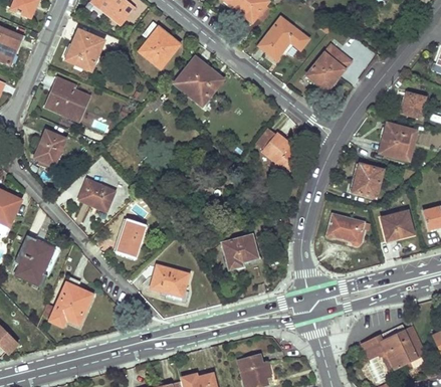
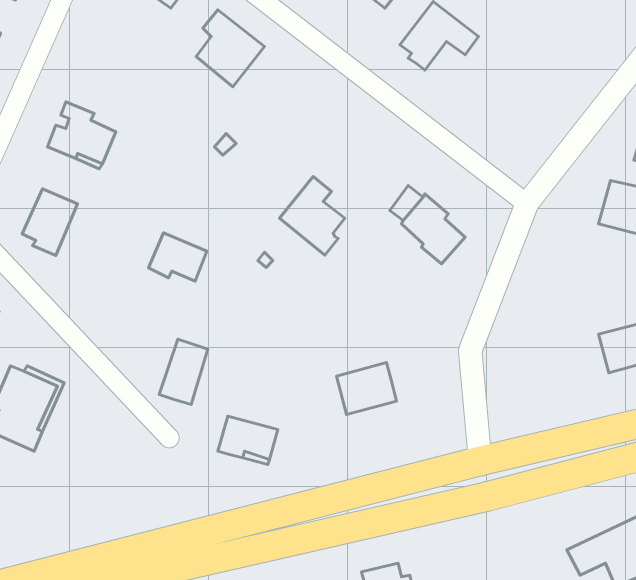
building: [66,30,104,70] -> none
building: [306,44,351,88] -> none
building: [175,57,214,105] -> [280,176,345,255]
building: [352,165,383,197] -> none
building: [79,180,115,209] -> [149,233,207,281]
building: [326,214,365,245] -> none
building: [50,277,92,326] -> none

